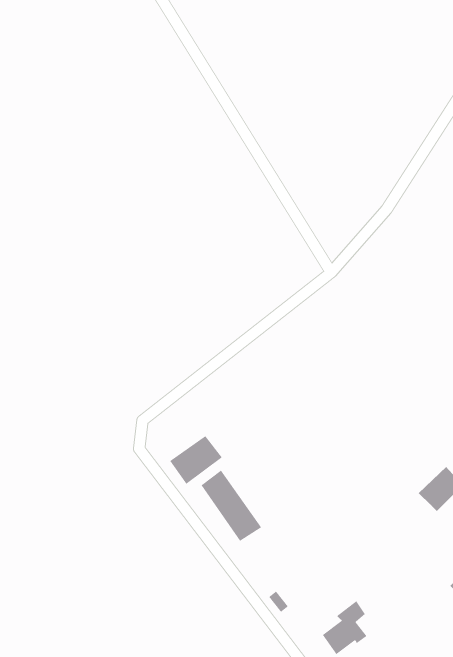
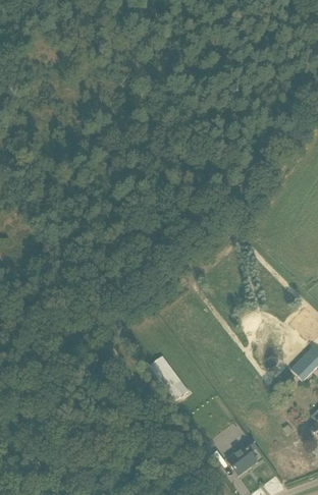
building: [169,435,223,485] -> none

